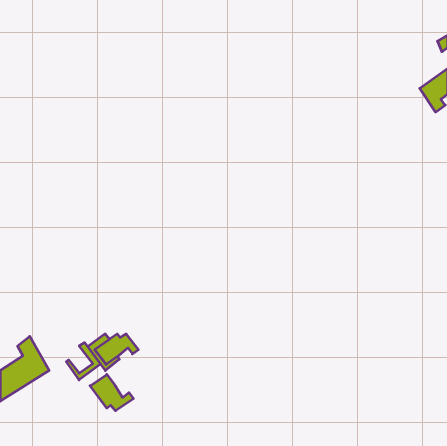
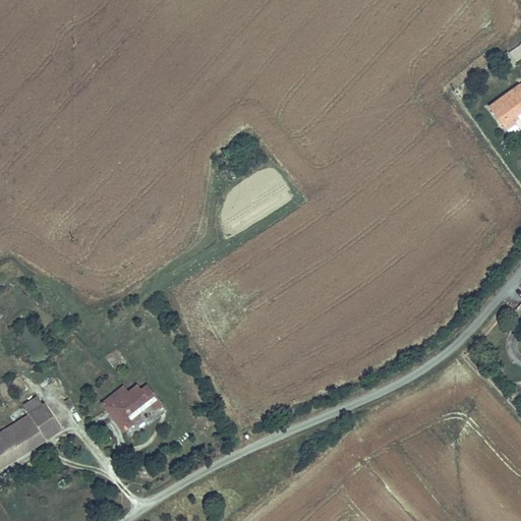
building: [66,343,100,380] -> none
building: [90,374,133,411] -> none

